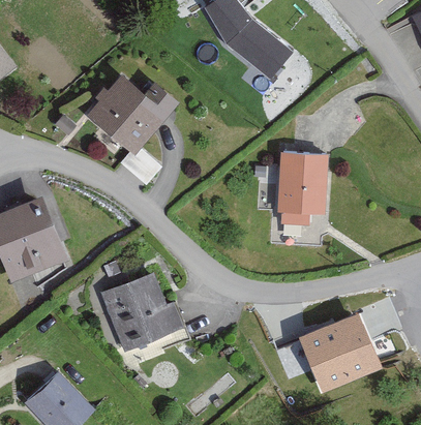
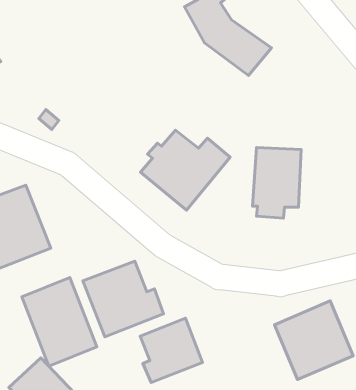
building: [86,73,179,156] -> [140,130,230,210]
building: none -> [22,278,97,366]
building: none -> [140,318,203,383]

